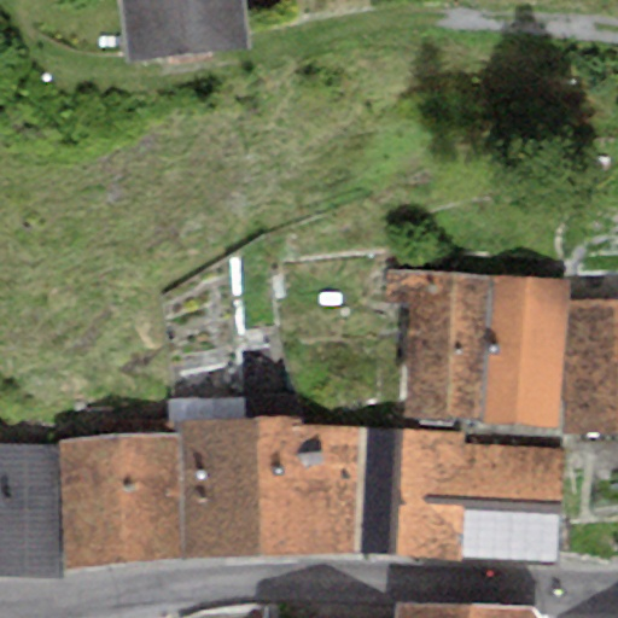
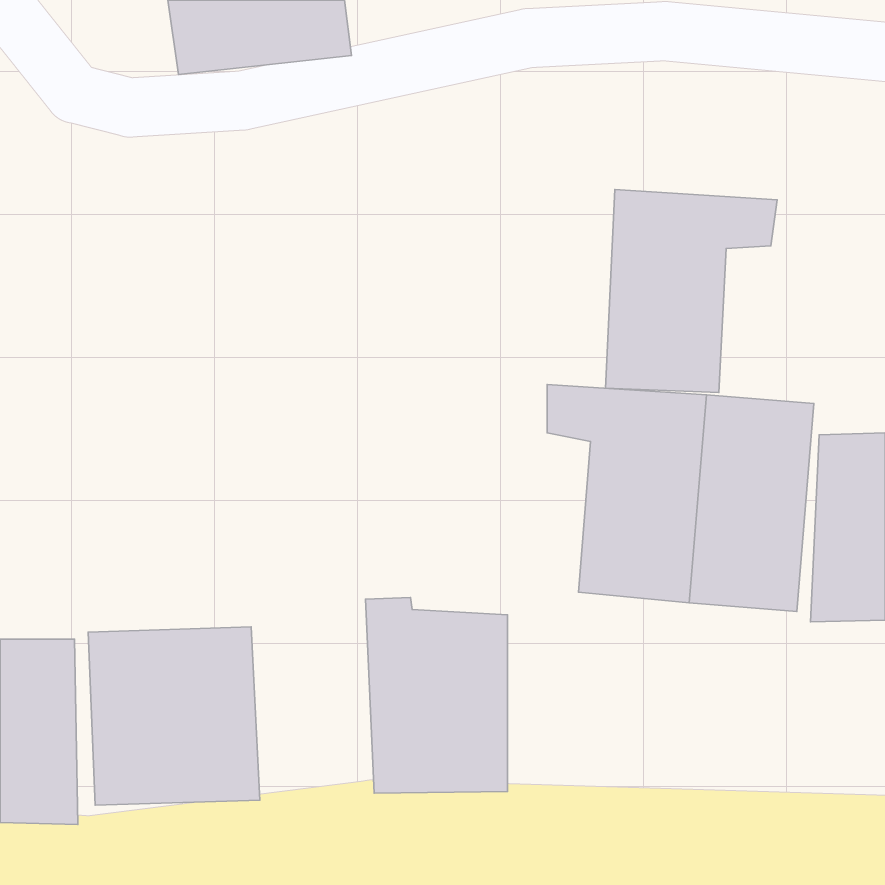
building: none -> [606,189,777,393]
building: [173,395,261,558] -> none
building: [354,428,562,562] -> none

